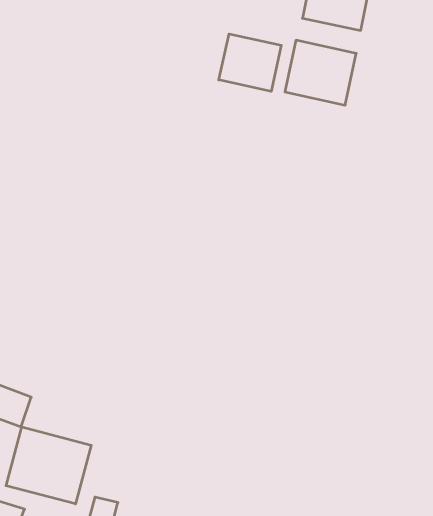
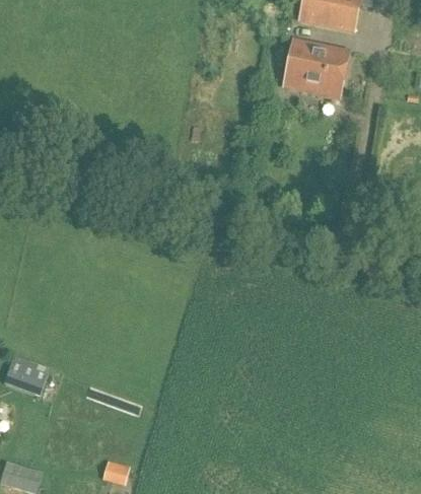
building: [219,34,281,91] -> none
building: [6,427,91,504] -> none

